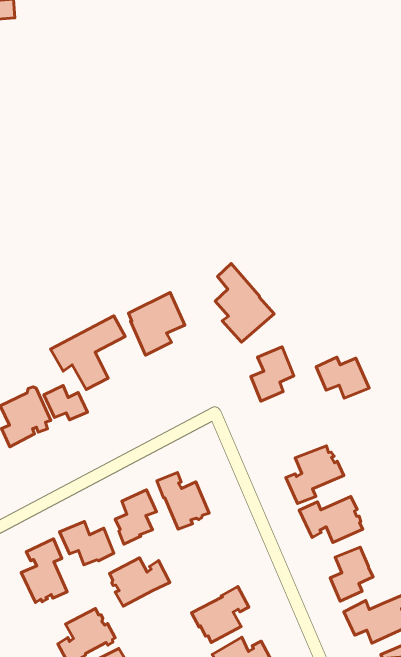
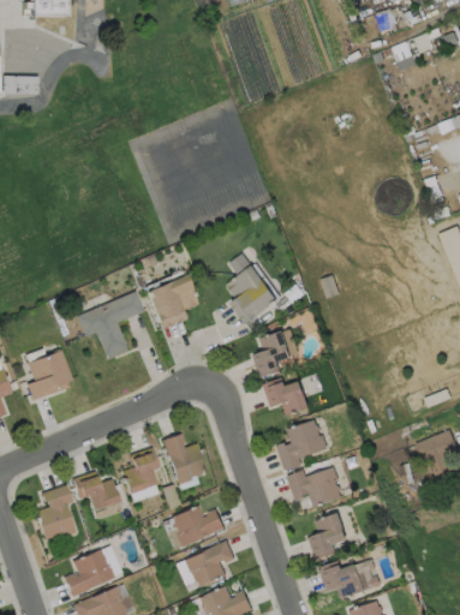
building: [316,357,369,398] -> [264,378,310,416]
building: [44,386,87,420] -> none
building: [110,558,170,606] -> [172,504,225,547]

